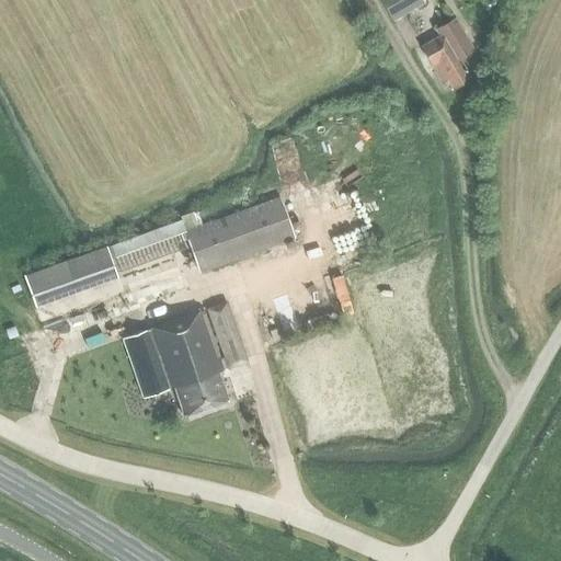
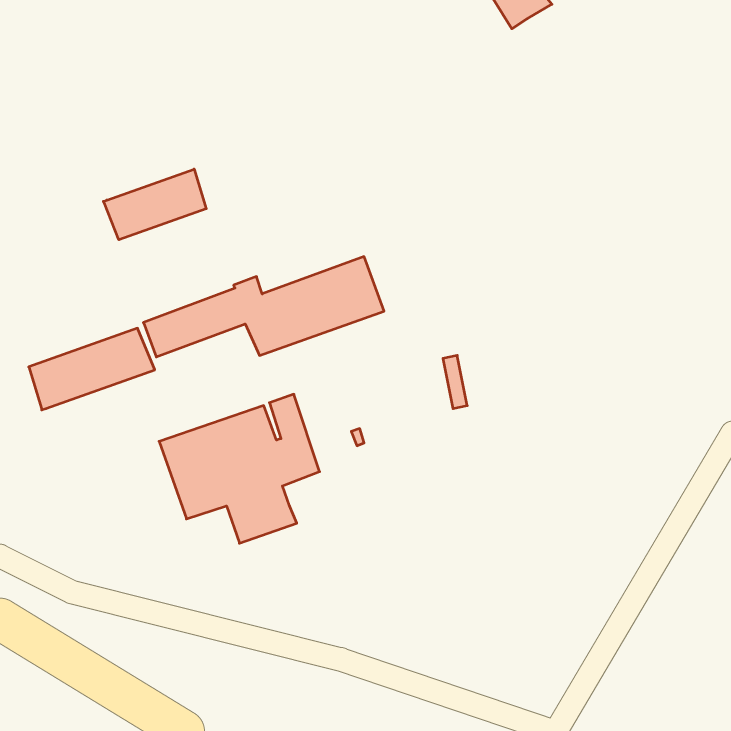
building: [421,18,472,88] -> none
building: none -> [103,169,206,240]

